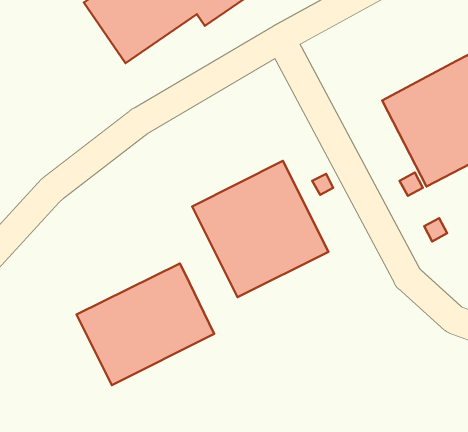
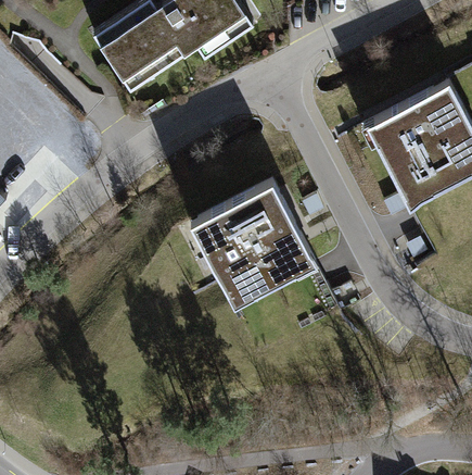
building: [76,263,214,385] -> none

